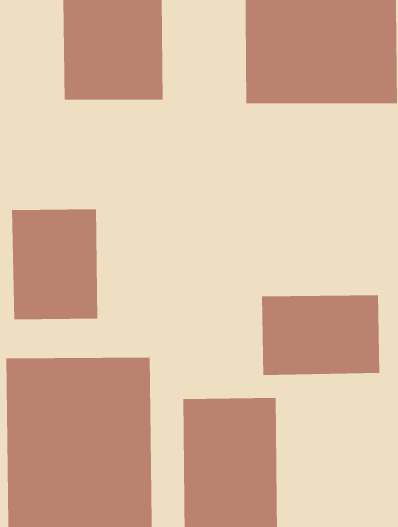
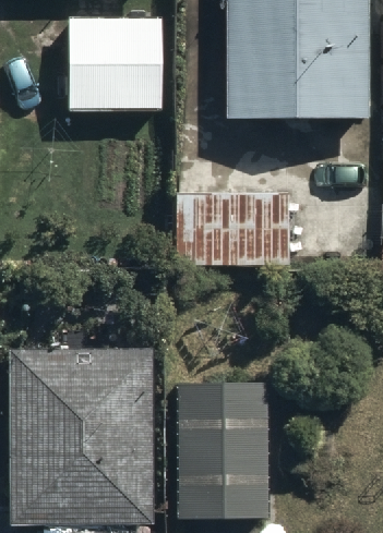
building: [12,208,98,320] -> none
building: [261,295,380,376] -> [179,198,288,272]

